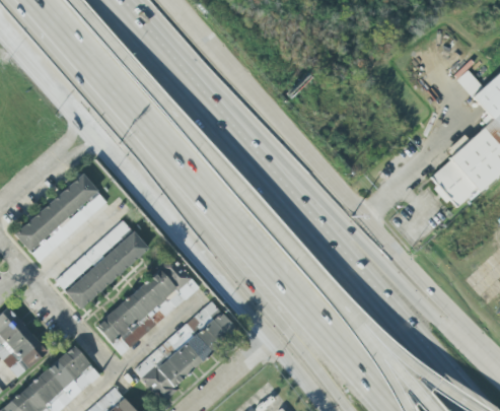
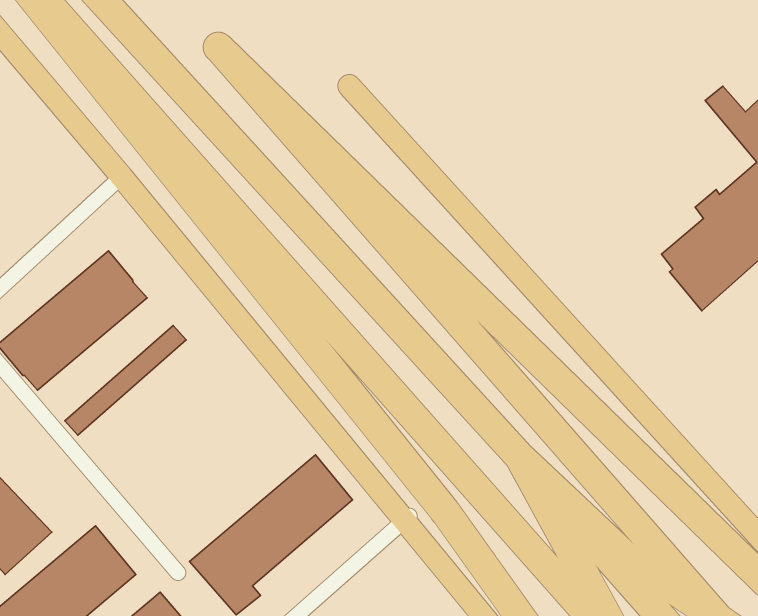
building: [65,230,149,309] -> none
building: [95,258,200,354] -> none

